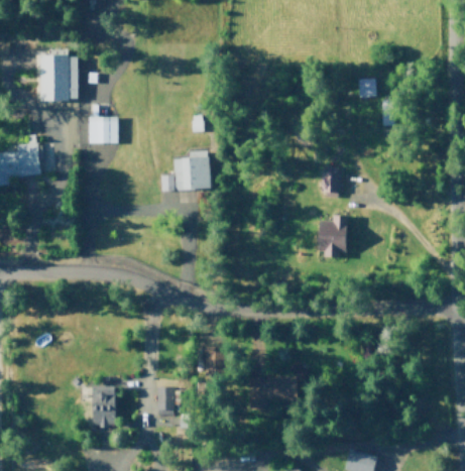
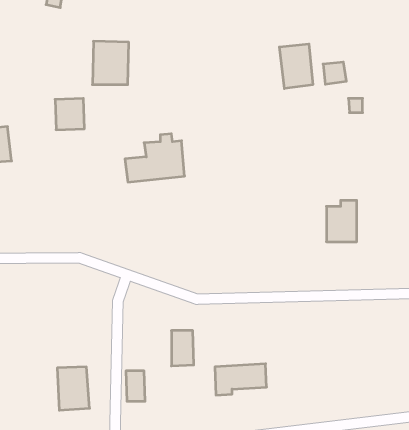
building: [41,55,78,99] -> [92,41,129,85]
building: none -> [279,44,313,89]
building: [319,166,340,193] -> none
building: [318,213,348,254] -> [326,200,357,242]

